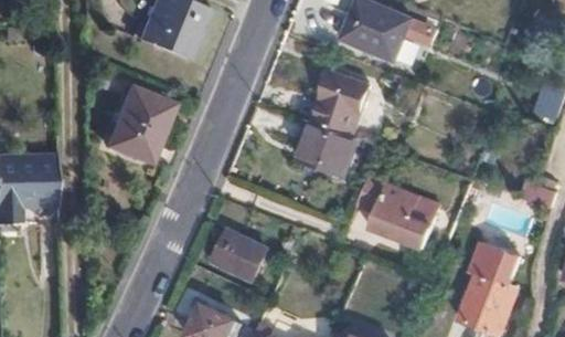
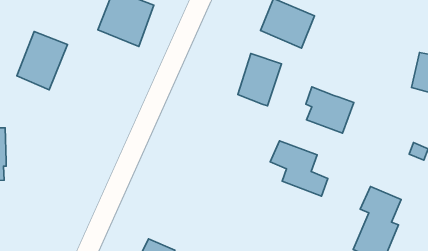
building: [104,89,168,164] -> [17,31,68,90]
building: [308,123,369,181] -> [306,87,354,133]
building: [19,162,54,212] -> none
building: [212,236,264,284] -> none

